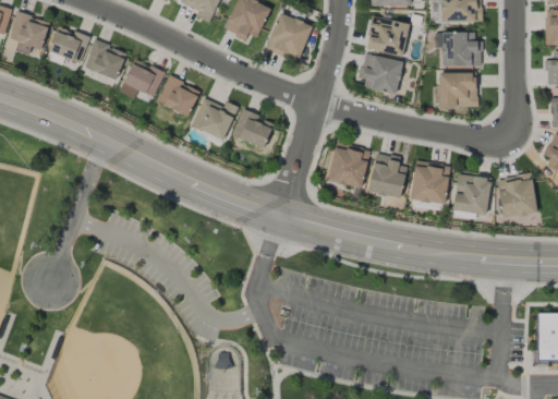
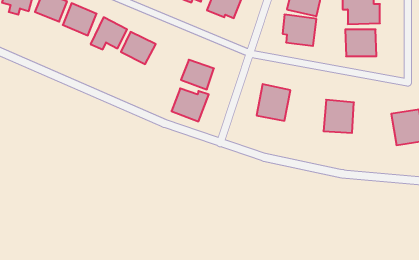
building: [191,98,238,140] -> [171,88,209,121]
building: [368,153,405,198] -> none
building: [452,174,492,215] -> none

